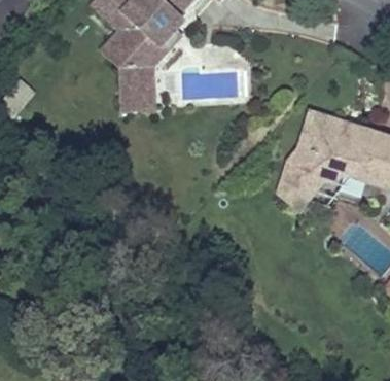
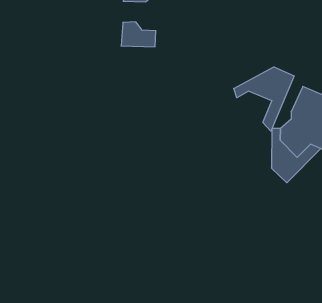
building: none -> [234,67,294,131]

